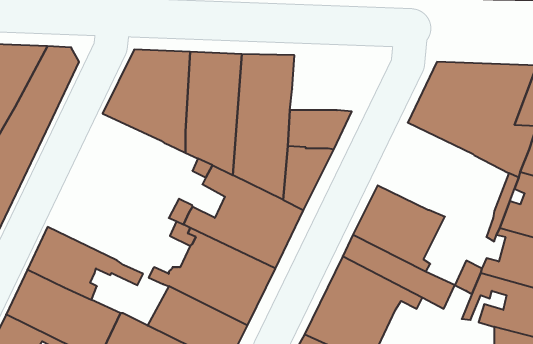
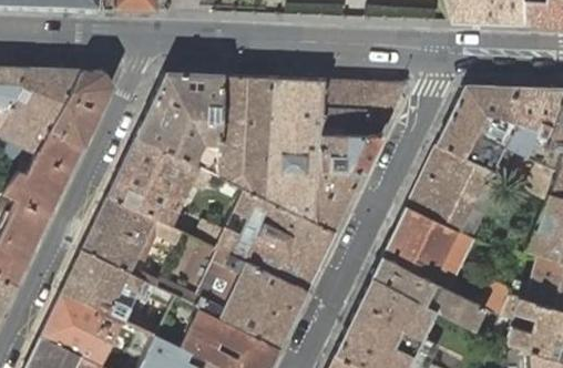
building: none -> [321,80,407,134]
building: none -> [82,137,202,299]
building: none -> [408,146,503,233]

